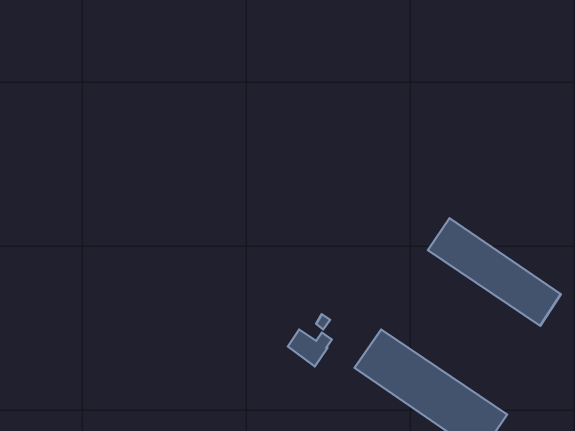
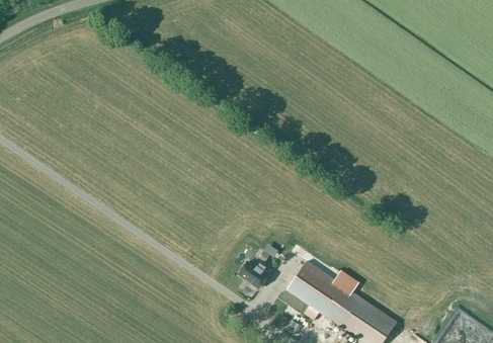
building: [428,218,561,326] -> none

